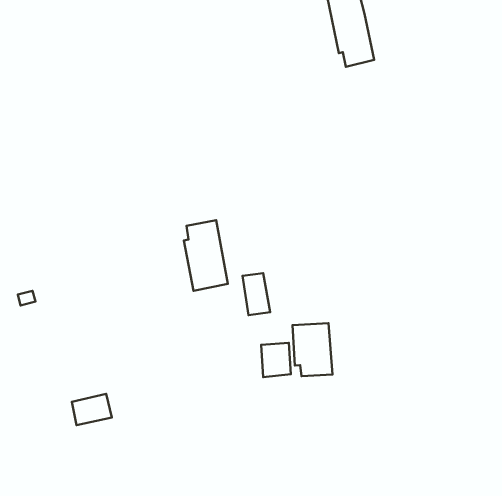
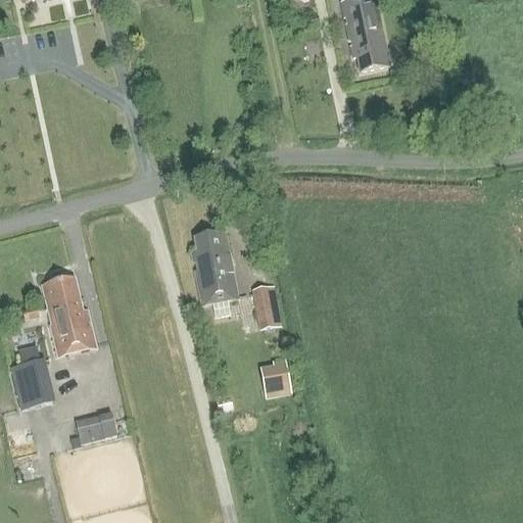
building: none -> [42,276,96,354]
building: [292,323,333,376] -> none
building: none -> [11,360,51,410]

